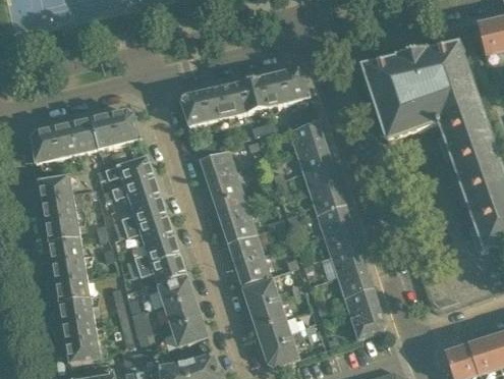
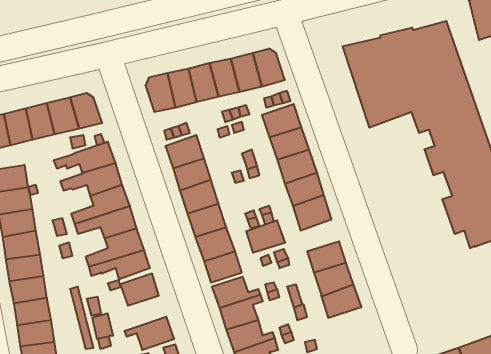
building: [323,224,358,254] -> [246,220,285,253]
building: [158,294,200,327] -> none
building: [348,305,384,338] -> none

